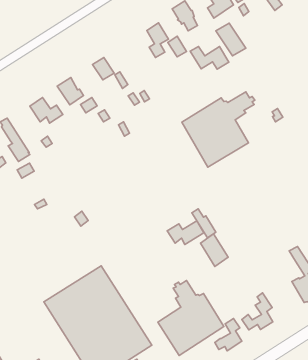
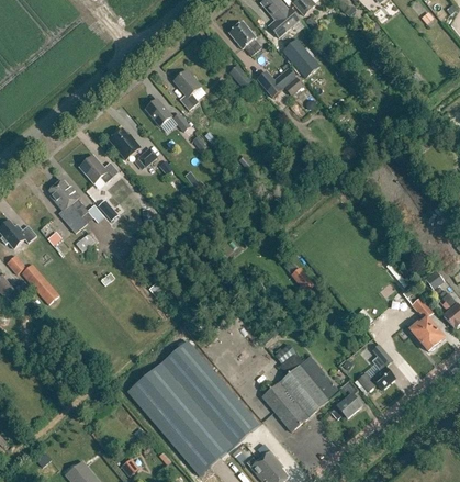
building: [147,23,168,57] -> [173,69,200,110]
building: [182,92,255,167] -> none
building: none -> [55,179,103,221]
building: [167,221,204,245] -> none
building: [200,234,228,266] -> none

